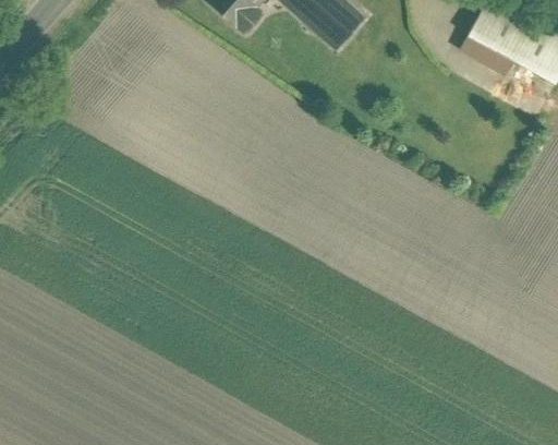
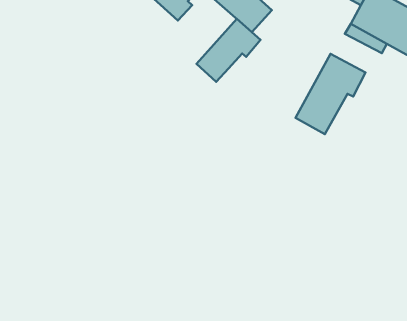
building: none -> [196,19,261,82]
building: none -> [295,54,365,134]

